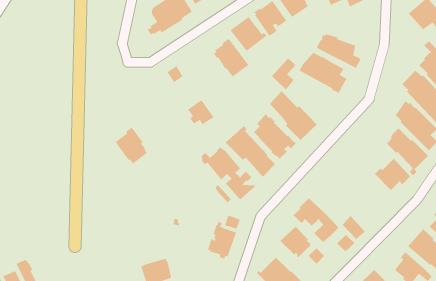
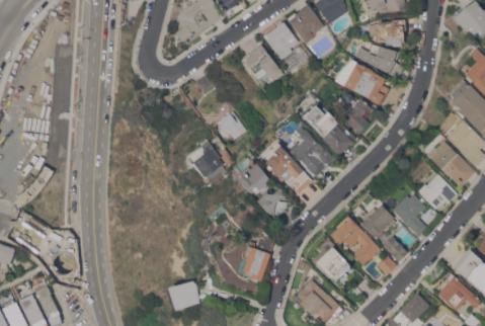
building: none -> [369,19,405,46]
building: [271,57,297,90] -> [343,98,371,134]
building: [115,127,148,164] -> [189,140,225,180]
building: none -> [392,193,427,236]
building: none -> [355,205,396,237]

